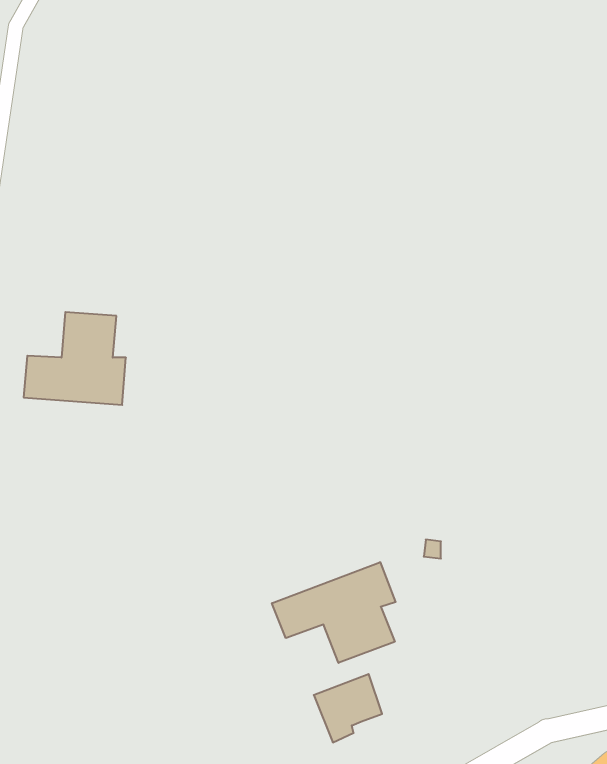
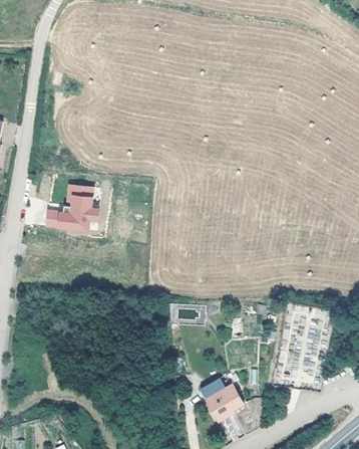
building: [272,562,396,663] -> none

